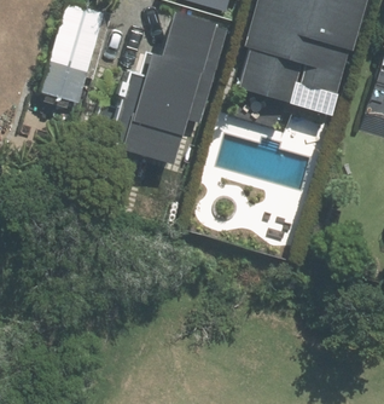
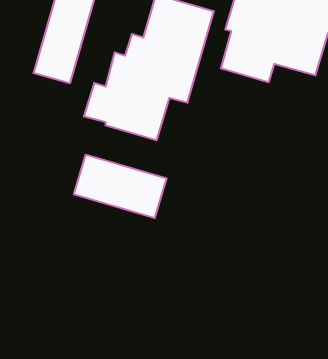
building: none -> [74,155,167,218]

